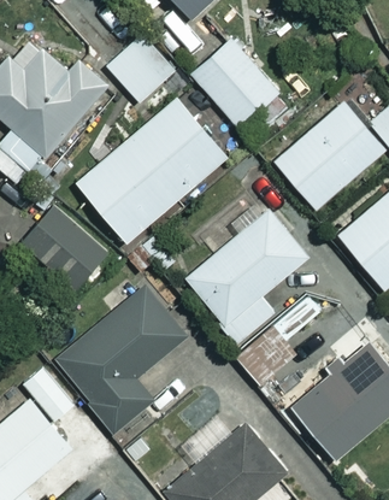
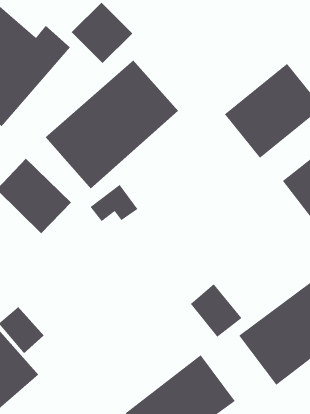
building: [191,40,278,137] -> none
building: [185,210,307,348] -> none
building: [55,288,187,433] -> none

